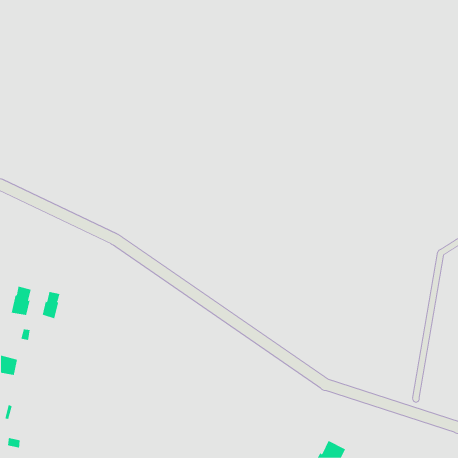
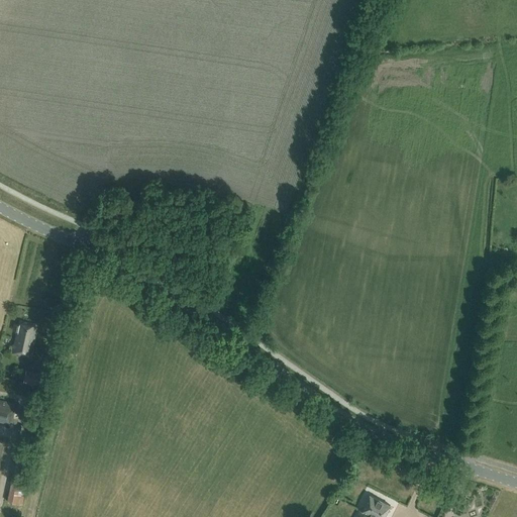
building: [42,291,60,319] -> none

